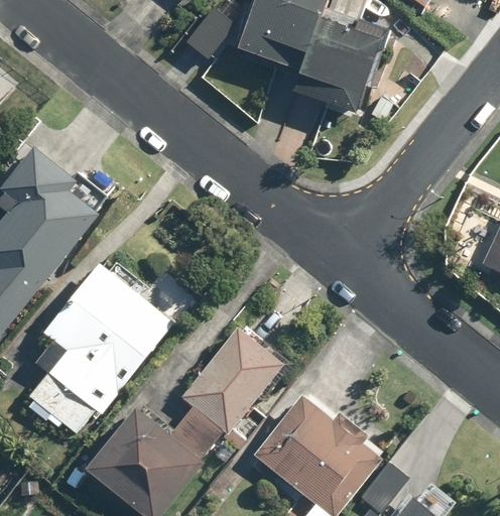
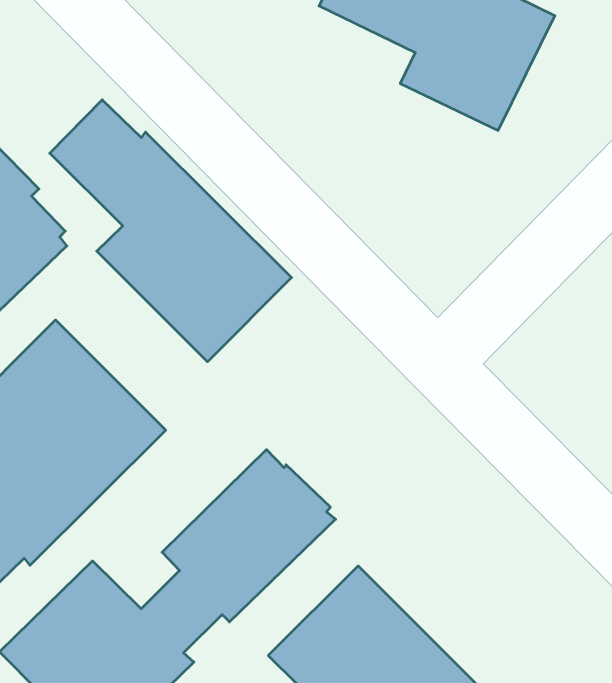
building: none -> [50,100,292,362]

